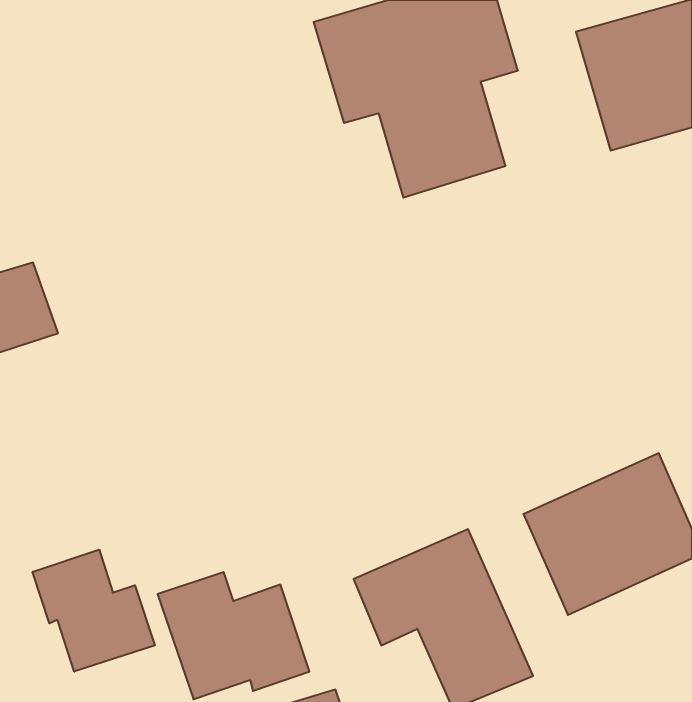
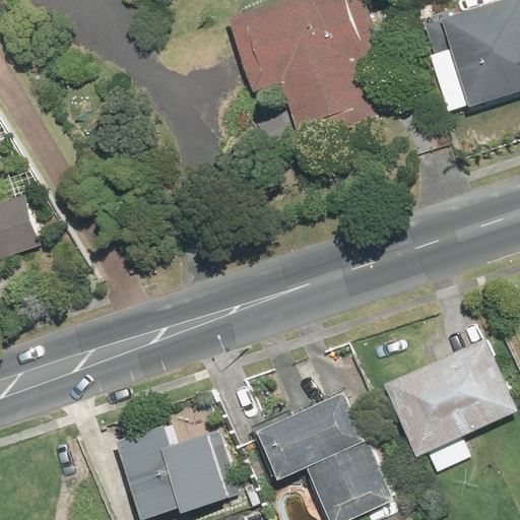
building: [33,550,155,672] -> none

